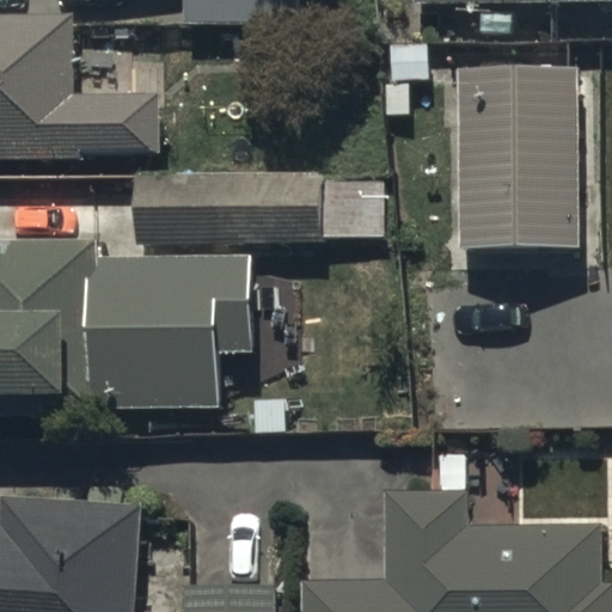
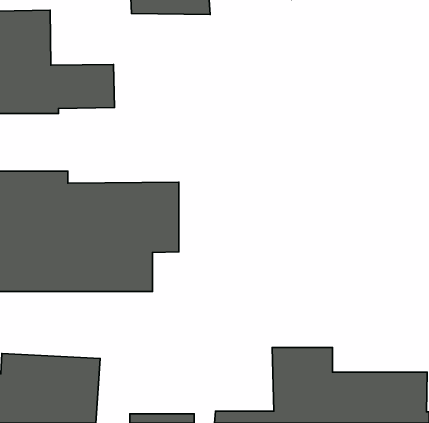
building: [459,69,577,250] -> none
building: [137,165,325,237] -> none

